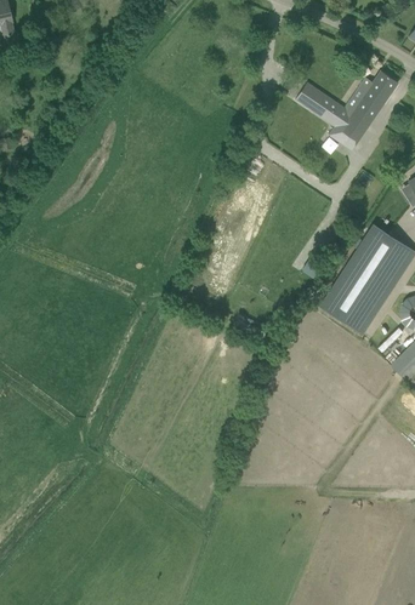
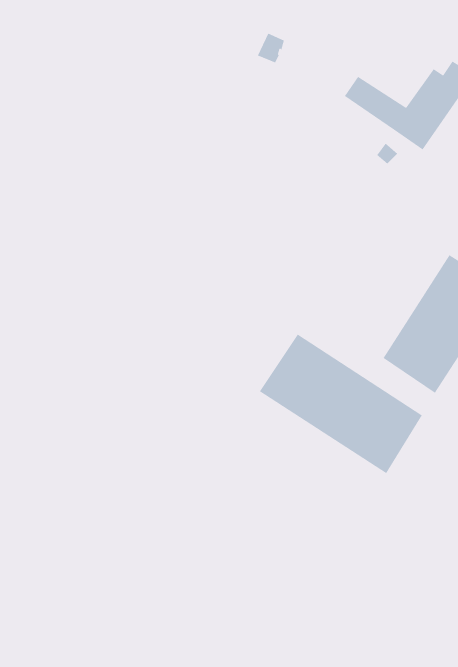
building: none -> [259,334,423,474]

